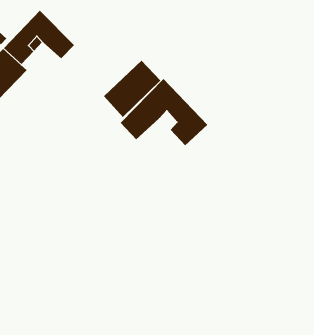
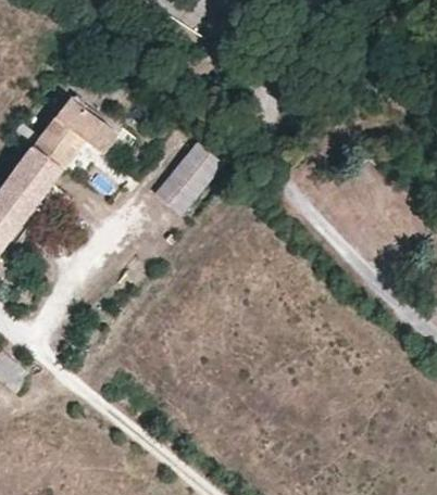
building: [120,78,208,146] -> none

